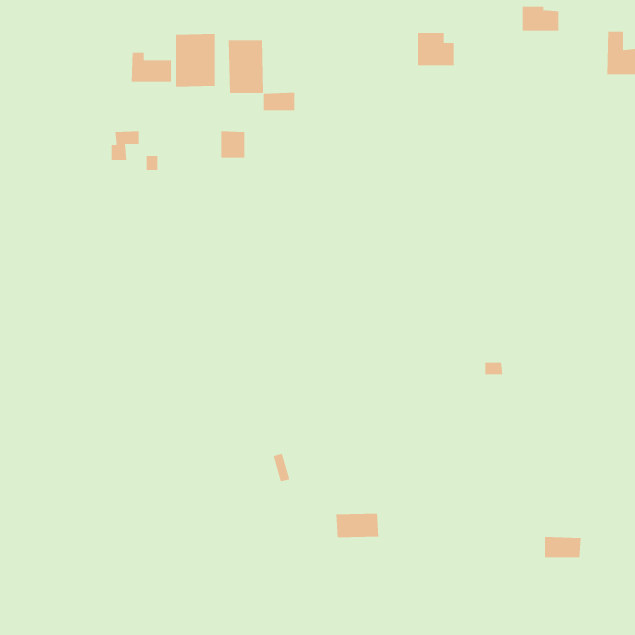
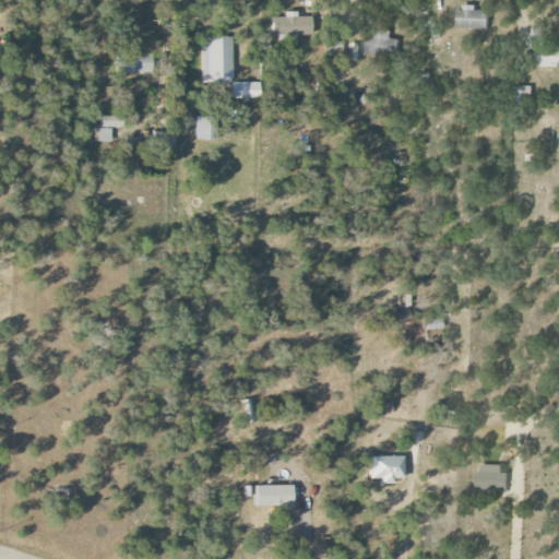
building: none -> [272,10,312,35]
building: [175,33,215,87] -> none
building: [336,513,379,538] -> [257,484,295,506]
building: none -> [371,455,406,483]

